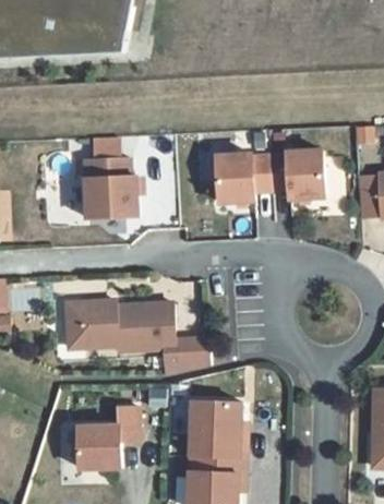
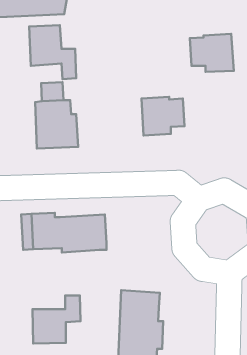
building: none -> [29,25,76,79]
building: [269,151,325,199] -> [190,34,234,72]
building: [164,337,209,374] -> none

